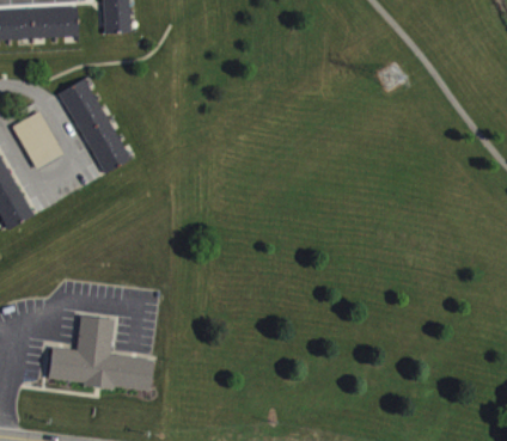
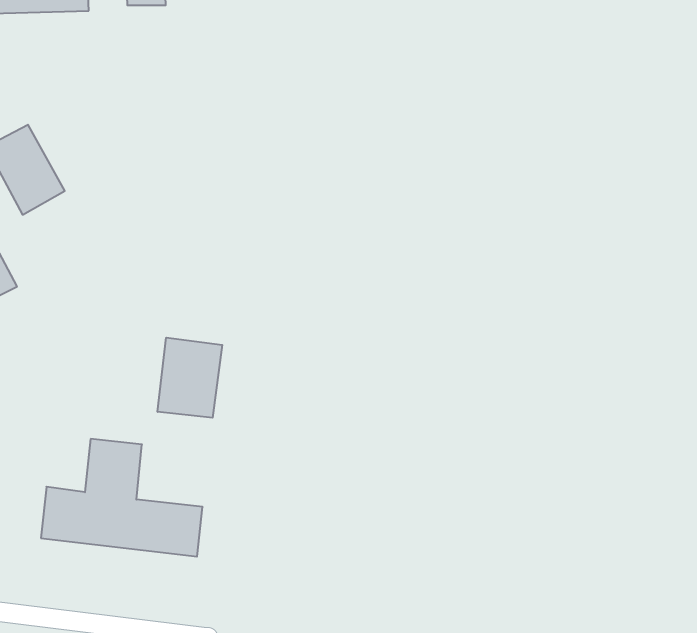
building: [60,76,129,173] -> none
building: none -> [158,338,222,418]

